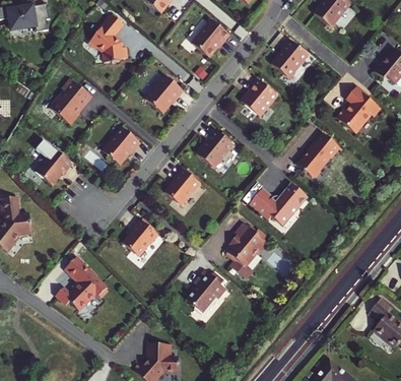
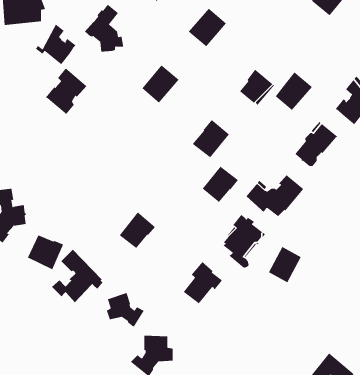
building: none -> [35,24,76,65]
building: [271,39,309,77] -> [275,72,313,111]
building: [103,126,140,165] -> none
building: [36,147,71,184] -> none
building: [164,169,201,205] -> [202,166,239,203]
building: none -> [27,235,64,270]
building: none -> [268,246,301,283]
building: none -> [106,292,145,327]

